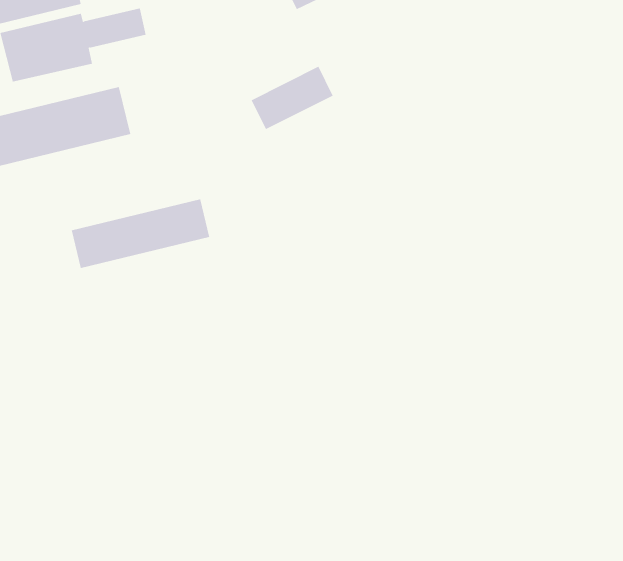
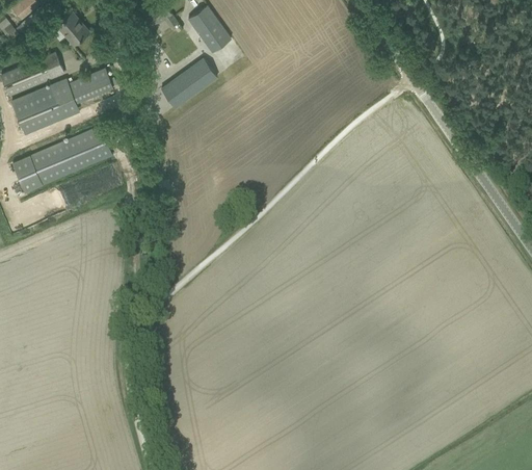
building: [251,66,334,130] -> [161,58,217,108]
building: [71,199,210,269] -> none

